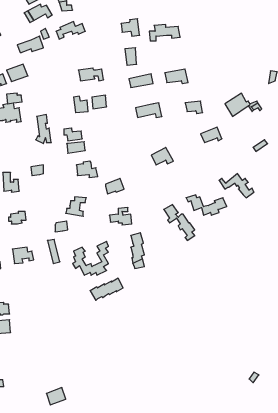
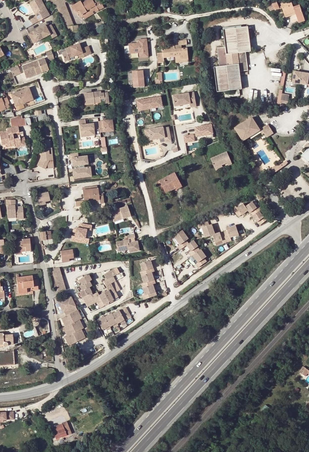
building: none -> [214,26,251,91]
building: none -> [58,295,84,344]

